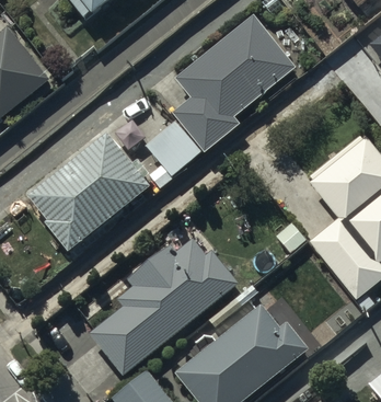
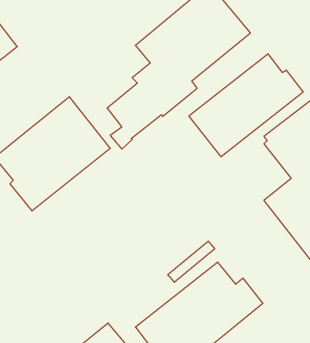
building: none -> [189,54,303,157]
building: [89,238,238,375] -> none

